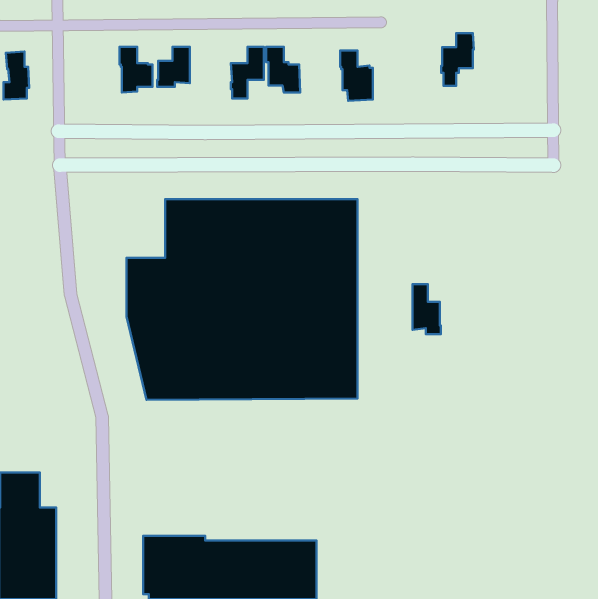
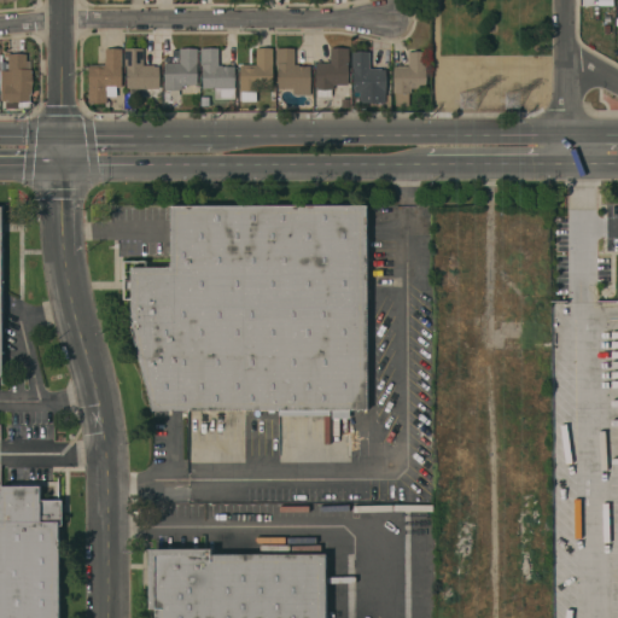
building: [441,33,474,86] -> [391,52,425,106]
building: none -> [198,48,233,99]
building: none -> [313,48,346,97]
building: none -> [87,49,121,103]
building: [412,284,441,334] -> none

